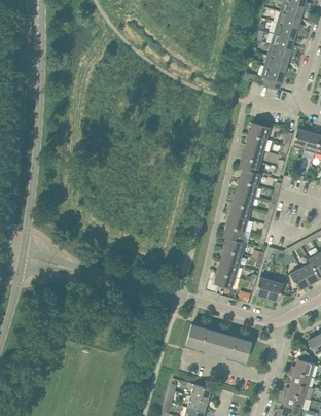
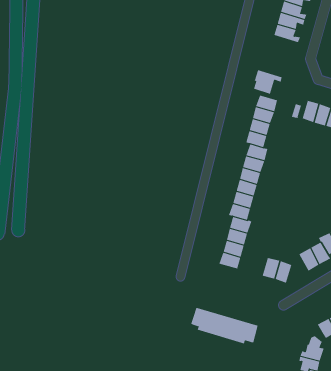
building: [261,66,289,90] -> [253,69,282,94]

